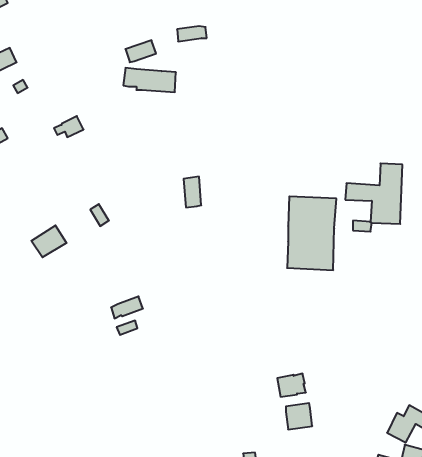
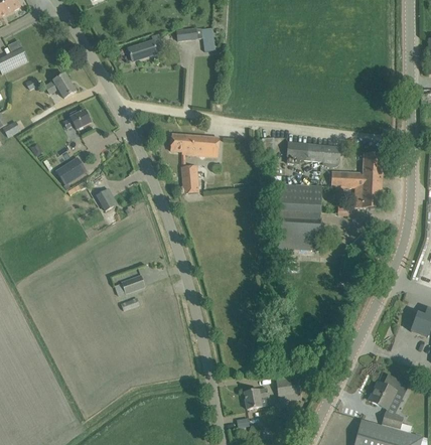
building: [123,68,176,92] -> [170,134,219,156]
building: none -> [44,73,76,99]
building: none -> [286,141,341,166]
building: [31,225,67,257] -> [55,156,88,185]
building: [277,374,306,397] -> [244,388,270,409]

